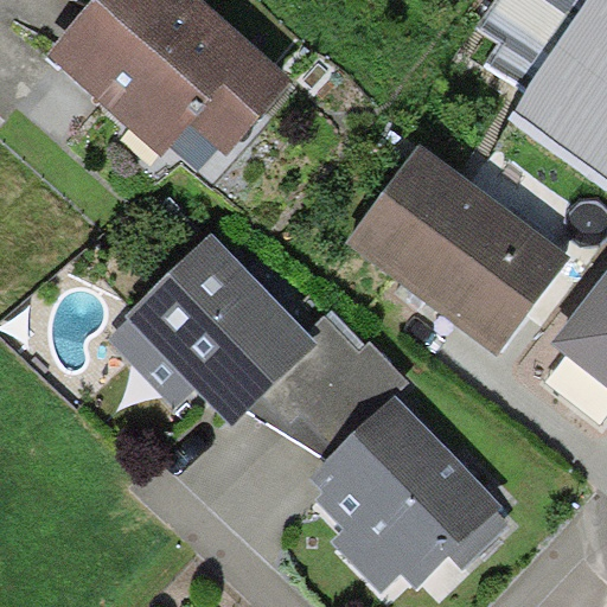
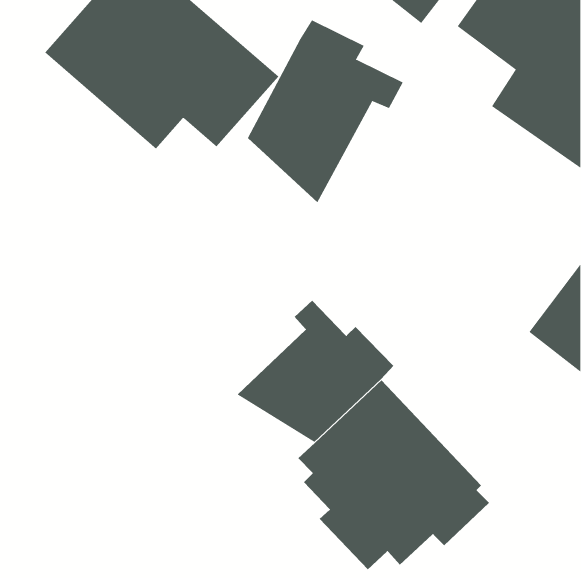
building: none -> [247,20,403,203]
building: [349,145,571,354] -> none
building: [111,232,318,424] -> none

